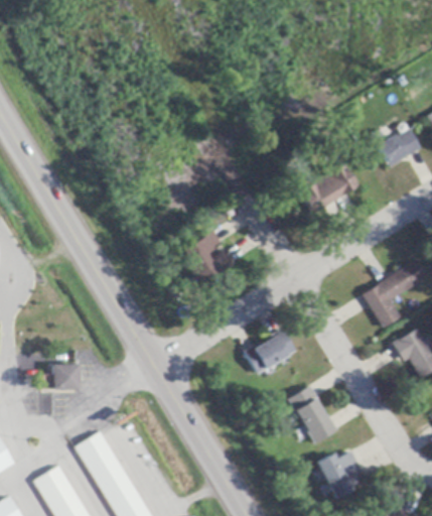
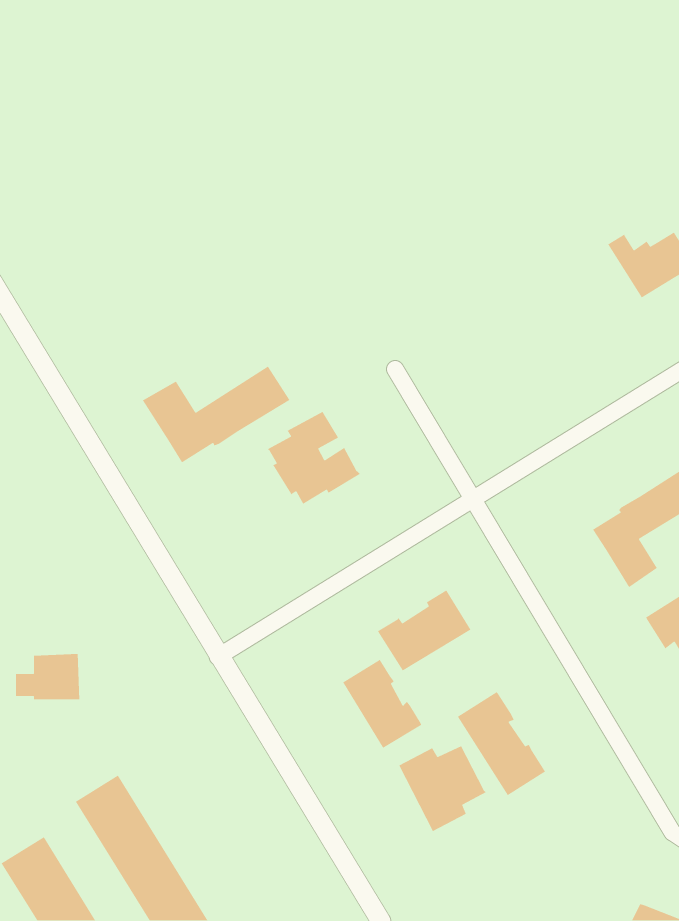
building: [300,163,358,214] -> none
building: none -> [142,365,290,464]
building: none -> [342,658,422,749]
building: [317,452,367,500] -> [398,745,487,832]

